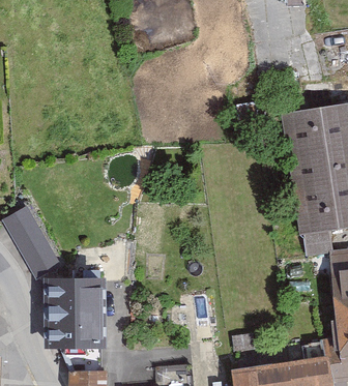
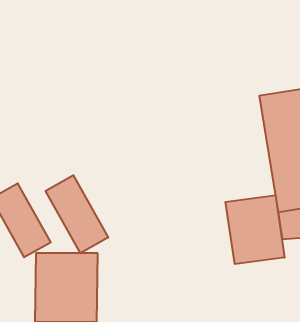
building: none -> [46,175,108,253]
building: none -> [226,195,285,264]

